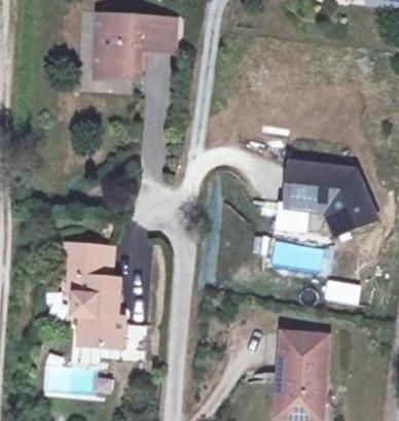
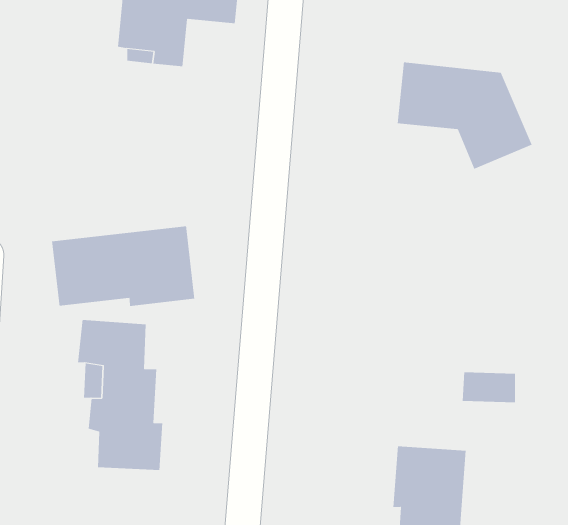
building: [289,164,379,236] -> [397,62,532,170]
building: none -> [51,225,195,307]

